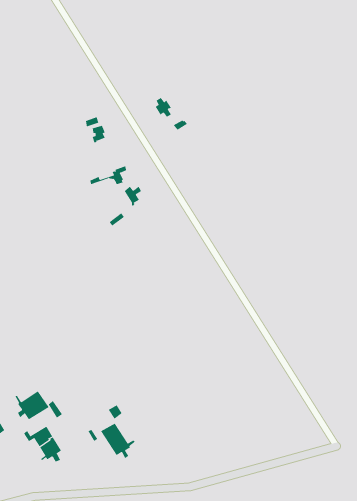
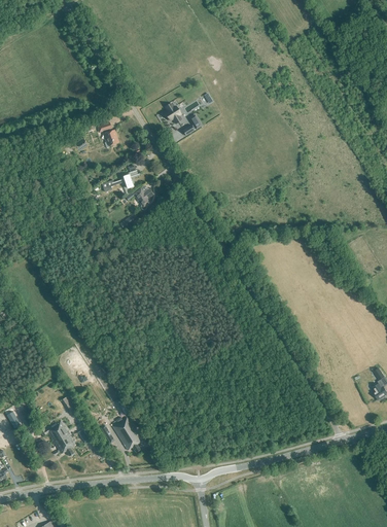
building: [15,390,50,420] -> none

